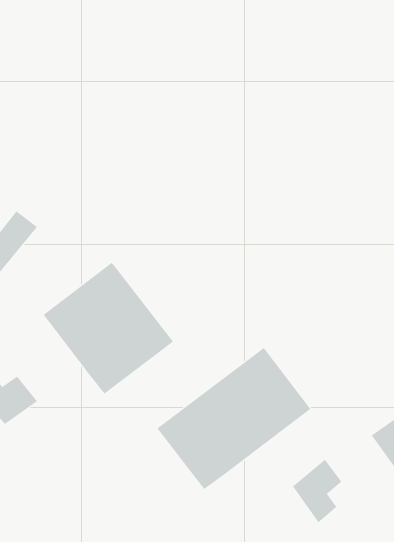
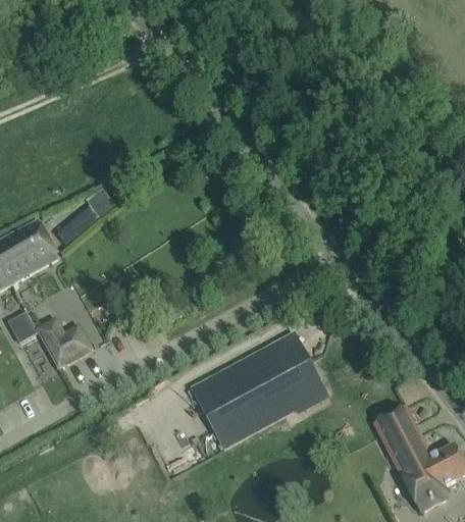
building: [43,262,174,394] -> none
building: [292,459,342,523] -> none

